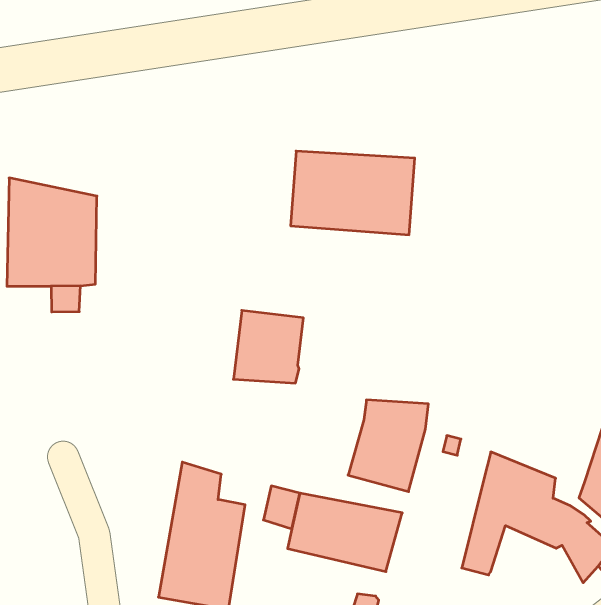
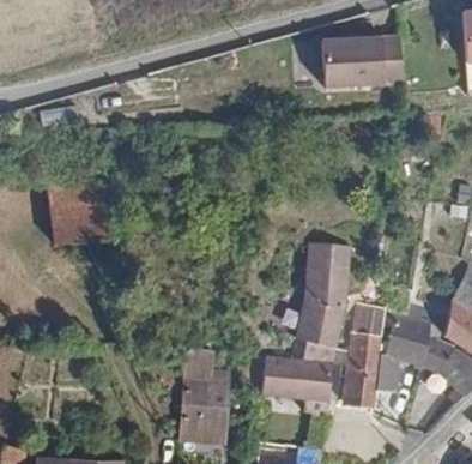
building: [291,151,415,235] -> [326,35,406,89]
building: [233,310,303,383] -> [301,246,343,291]
building: none -> [344,332,383,406]

